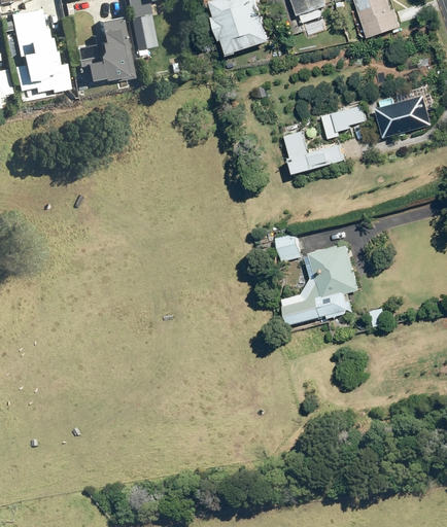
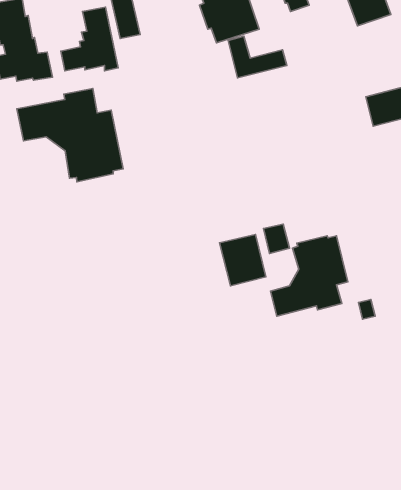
building: none -> [17,89,123,182]
building: [333,105,365,130] -> none
building: [285,130,343,171] -> [228,36,287,78]
building: none -> [220,234,266,286]

